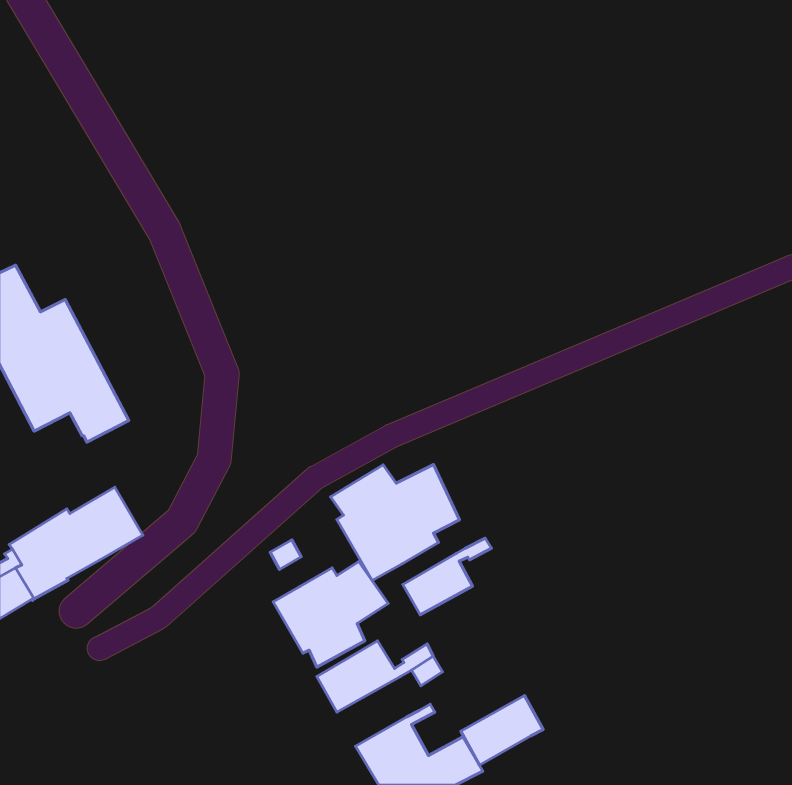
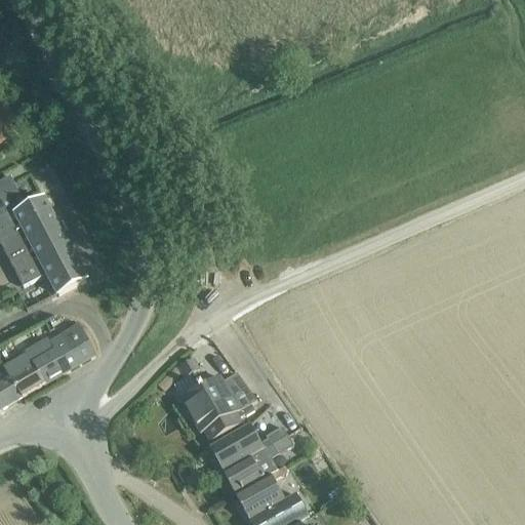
building: [331,465,459,581] -> none
building: [403,538,492,615] -> none
building: [461,695,543,765] -> [223,447,277,493]

